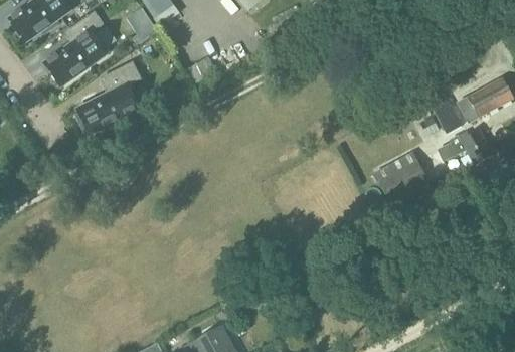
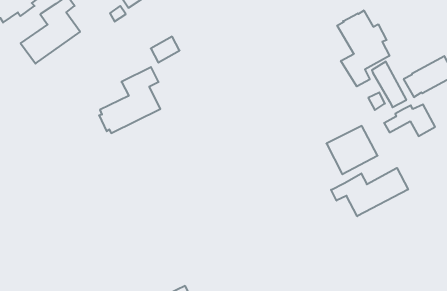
building: none -> [337,10,389,86]
building: [75,61,142,133] -> [99,67,160,133]
building: none -> [331,168,408,216]

